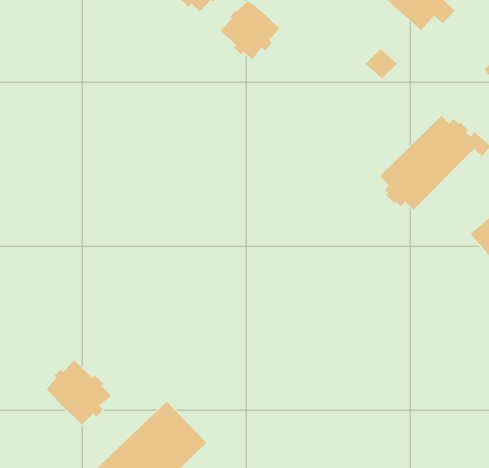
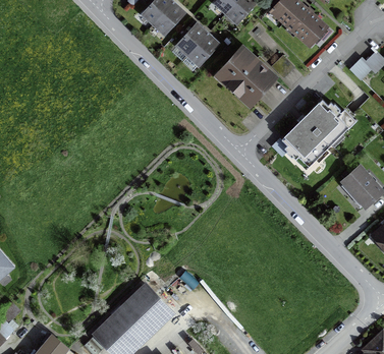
building: none -> [217,49,274,105]
building: [46,359,112,426] -> none

